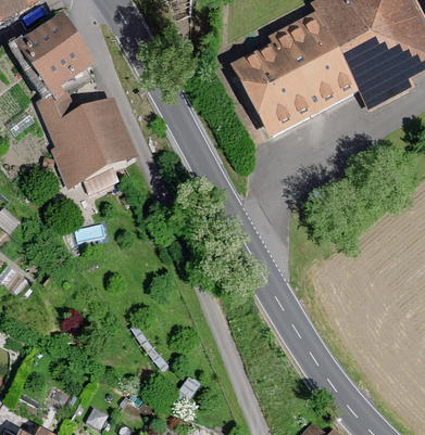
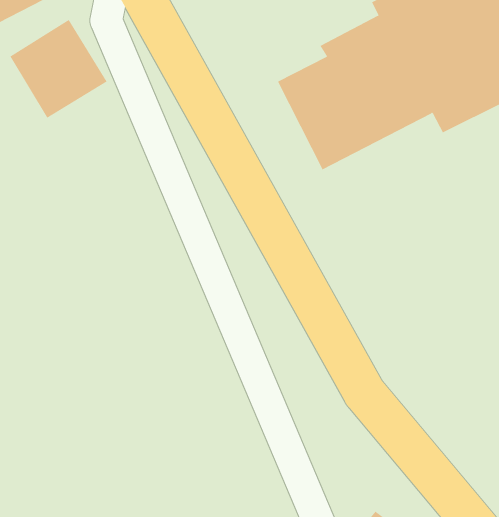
building: [36,91,137,188] -> none

